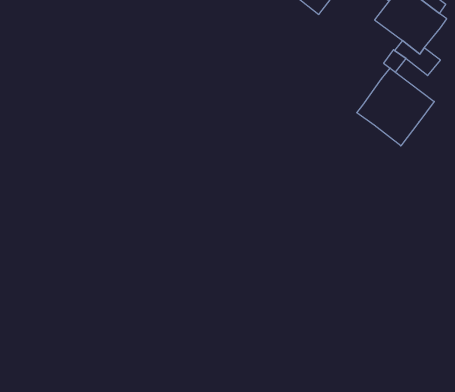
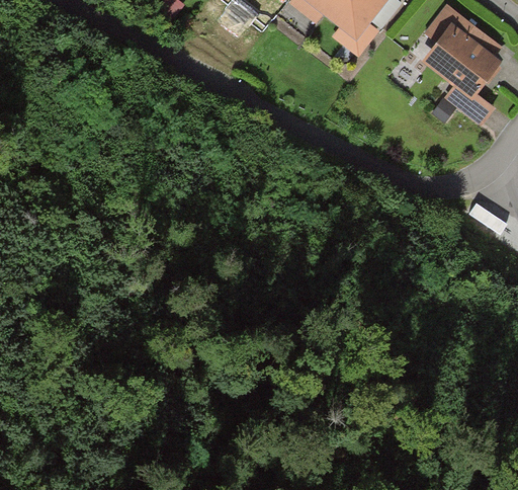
building: [357,68,434,146] -> none

